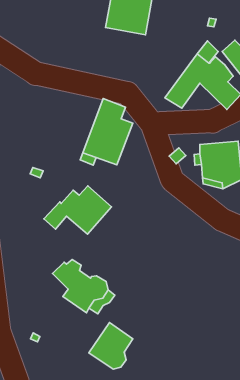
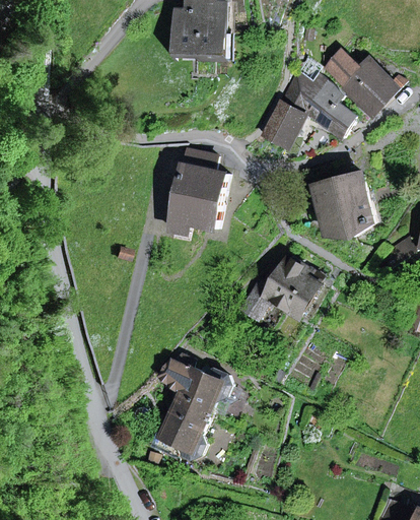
building: [44,186,112,234] -> [237,257,319,317]
building: [89,323,133,369] -> [153,402,205,459]

